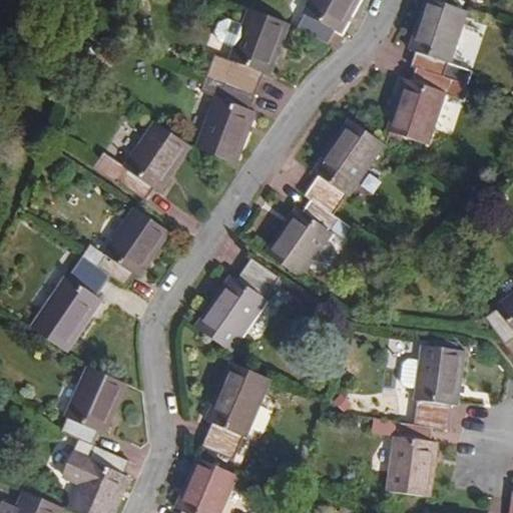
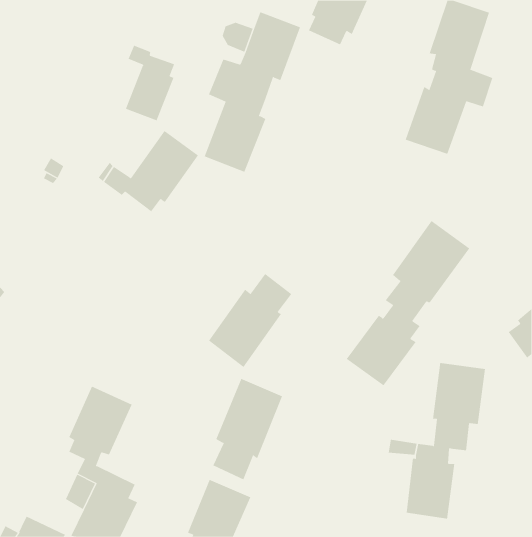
building: none -> [125,45,175,121]
building: [265,119,383,278] -> [346,220,470,386]
building: [30,209,166,352] -> none

